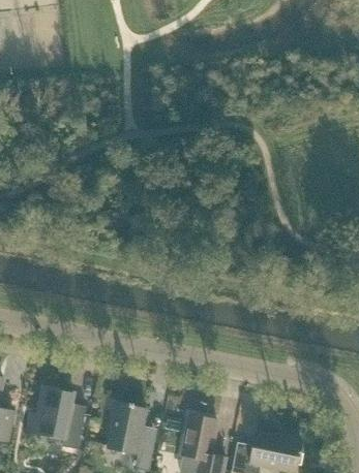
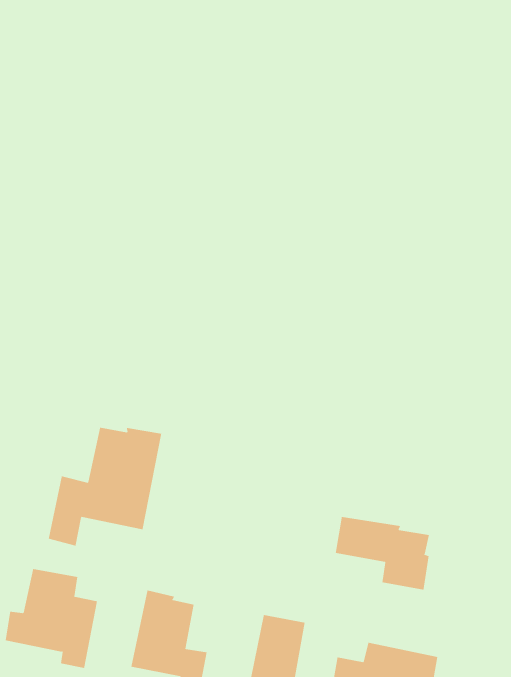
building: none -> [48,427,162,546]
building: none -> [335,516,430,591]

